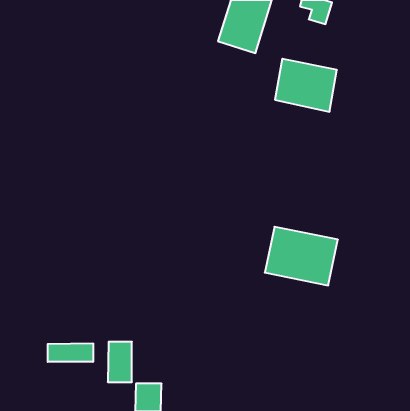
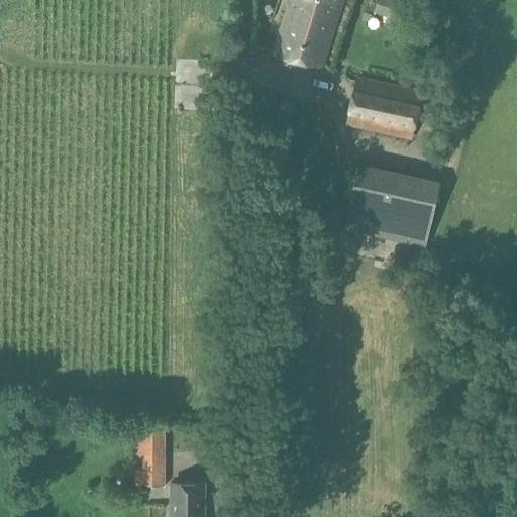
building: [265,227,338,285] -> [348,169,440,242]
building: [48,343,93,362] -> none

